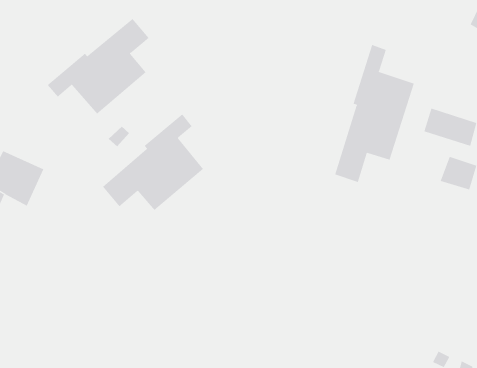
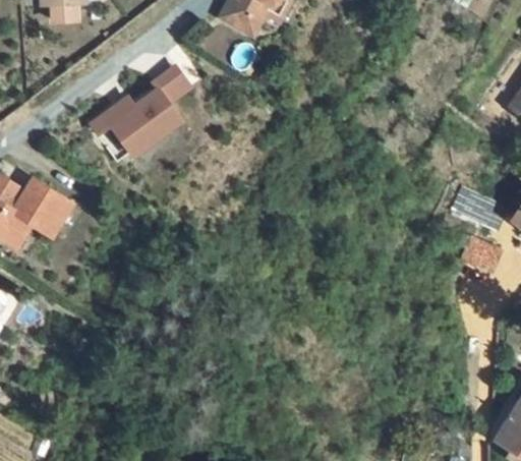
building: [334,44,415,183] -> none
building: [102,113,204,211] -> none

